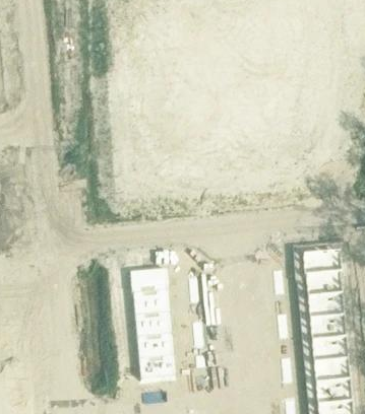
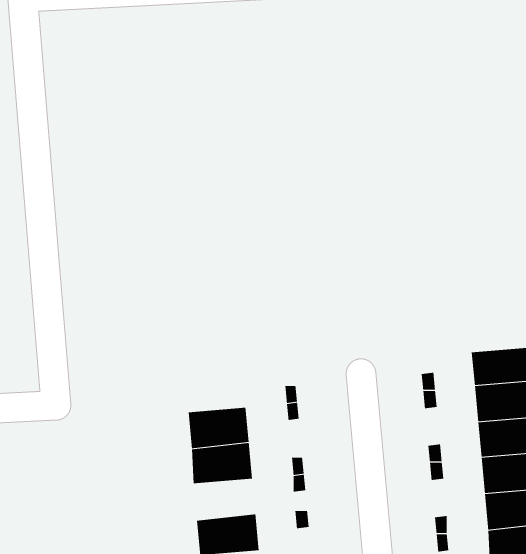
building: [130,268,168,291] -> none
building: [135,332,174,357] -> none

